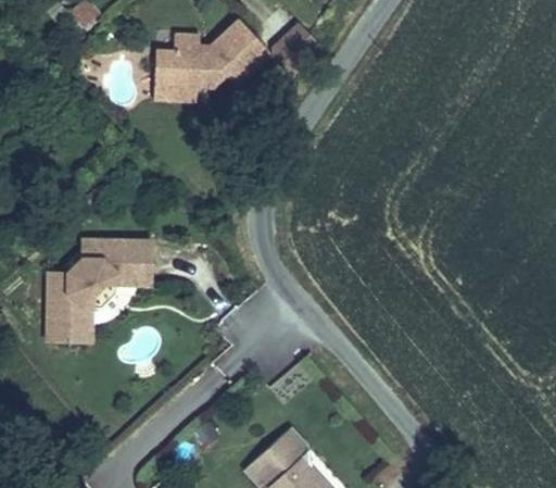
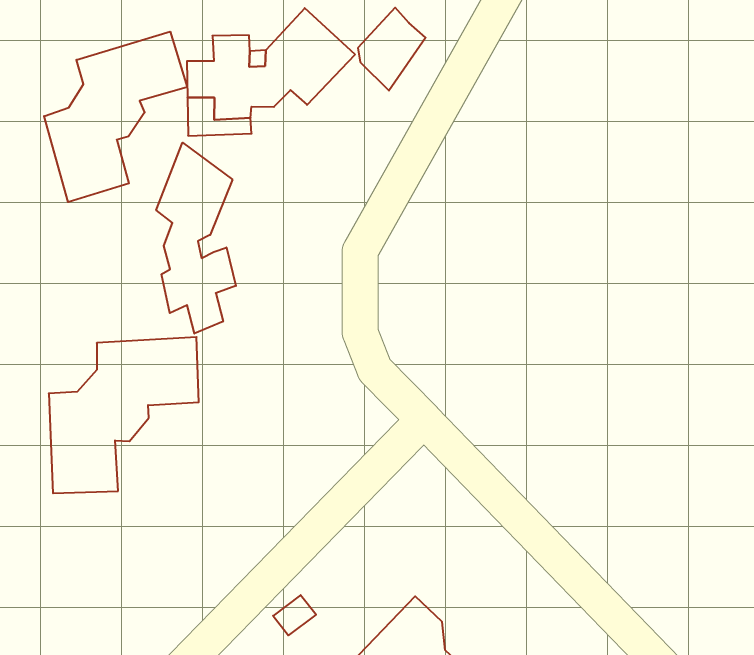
building: none -> [44,32,187,202]
building: none -> [156,143,236,334]

